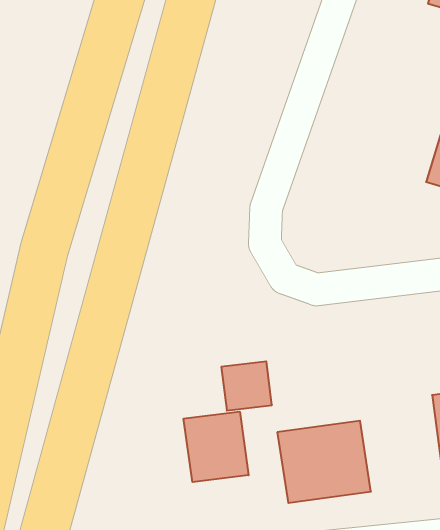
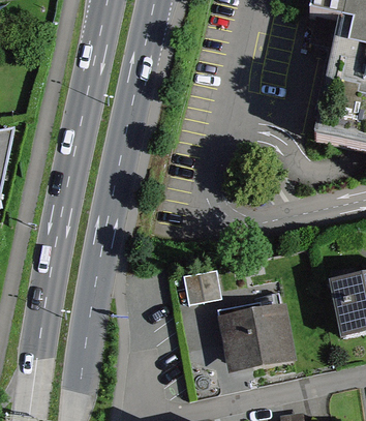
building: [184,412,249,482] -> none

